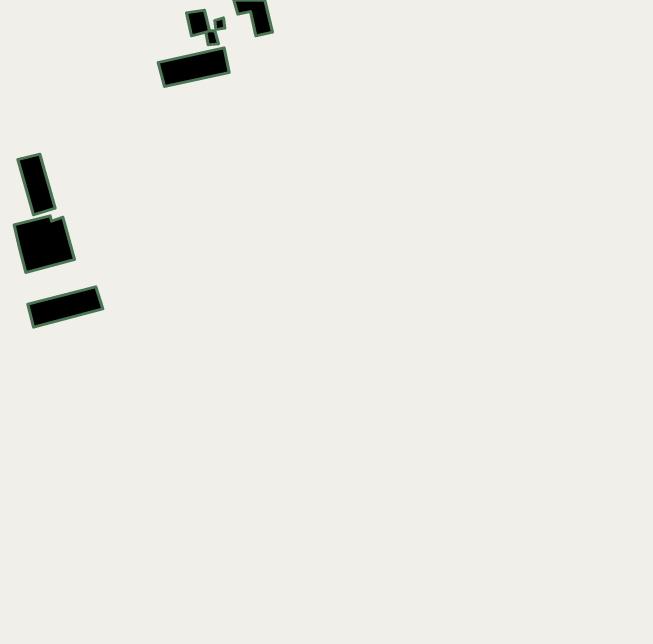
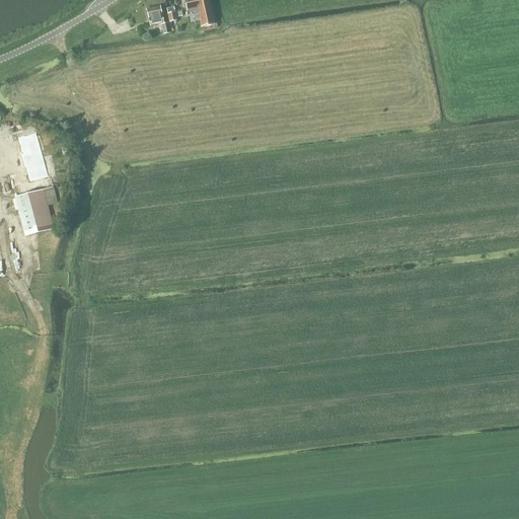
building: [158,48,229,86] -> none
building: [28,287,103,327] -> none

